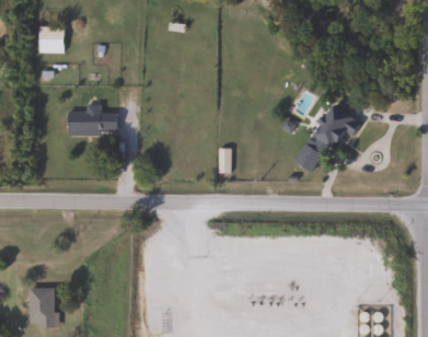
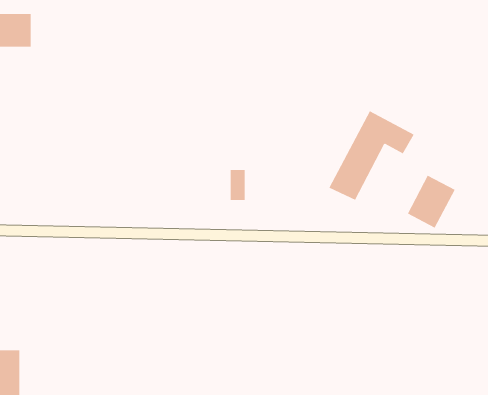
building: [68,105,117,133] -> none
building: none -> [407,175,455,228]

